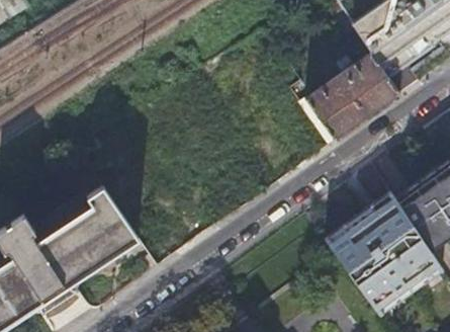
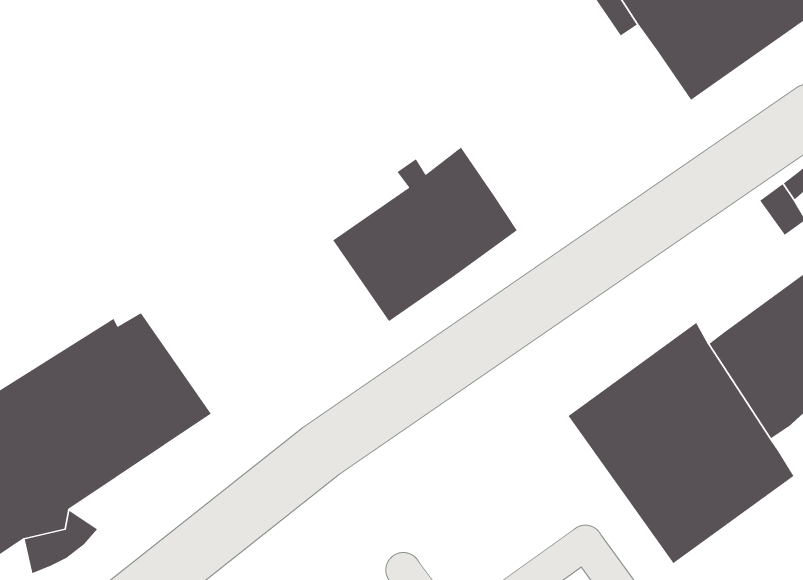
building: [304,51,400,142] -> [332,146,518,322]

